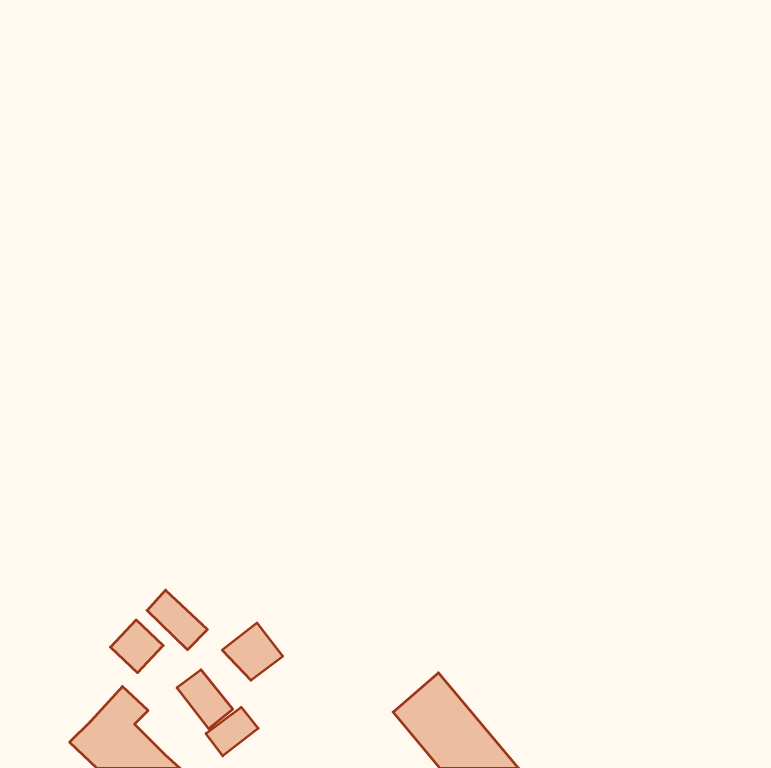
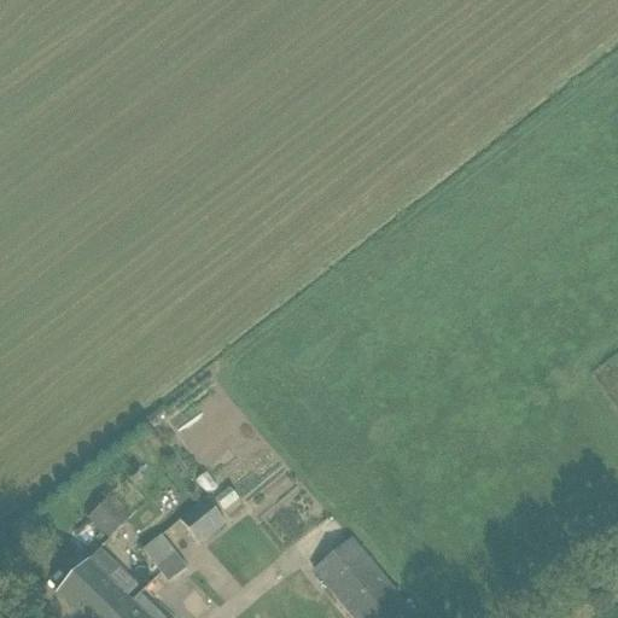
building: [147,590,207,650] -> none
building: [206,707,258,756] -> none

